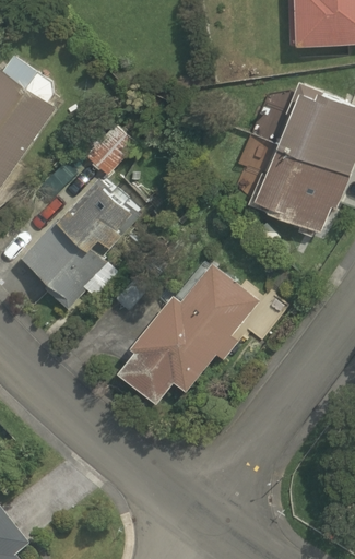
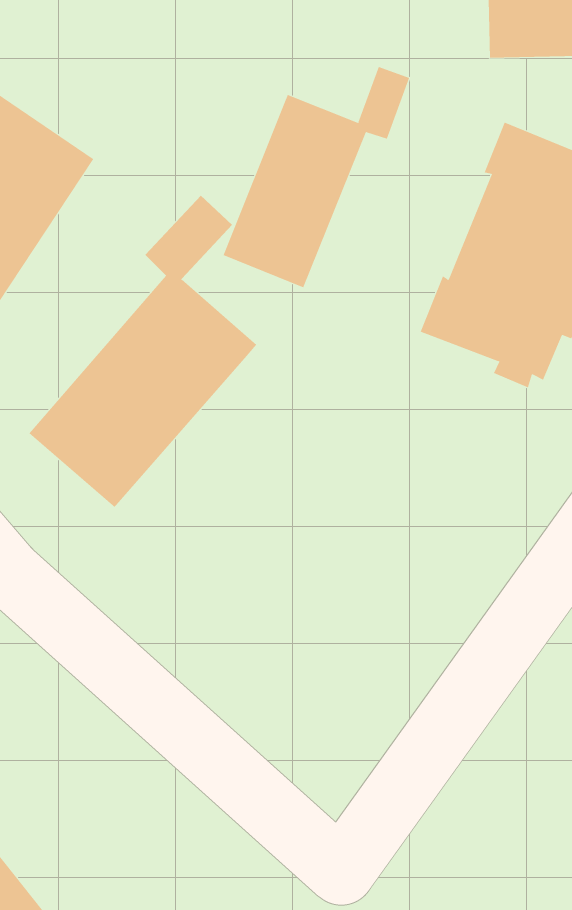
building: none -> [223,66,410,288]
building: [116,261,259,401] -> none

